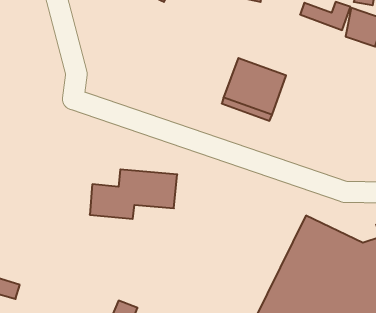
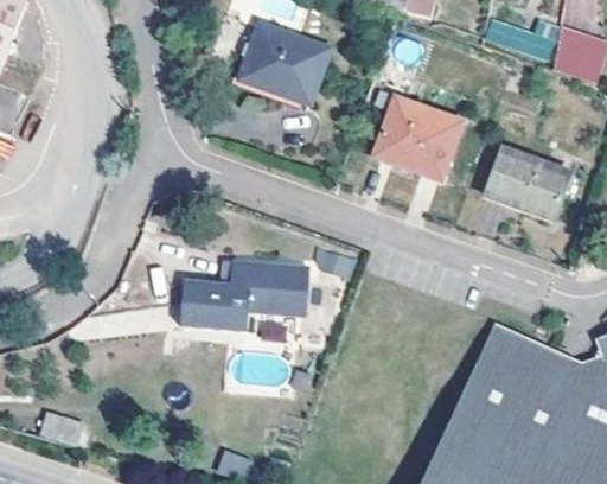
building: none -> [245,24,331,101]
building: none -> [486,148,582,218]

